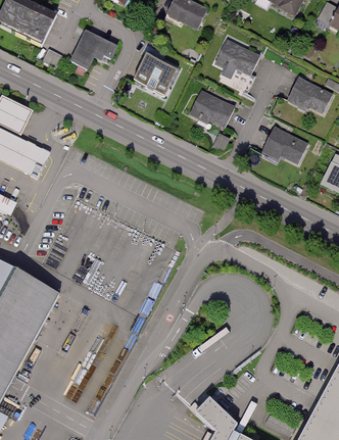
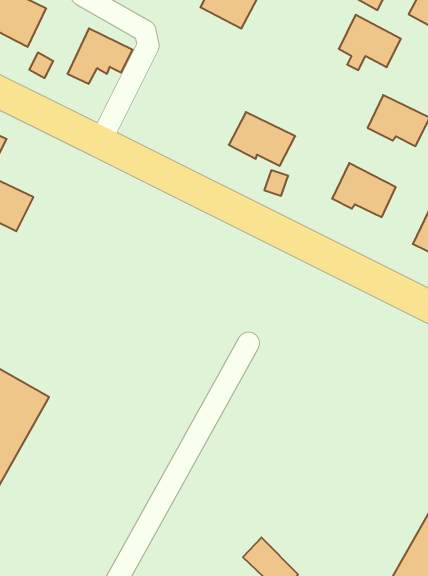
building: [215,38,260,78] -> [339,15,401,70]
building: [134,51,179,94] -> none

